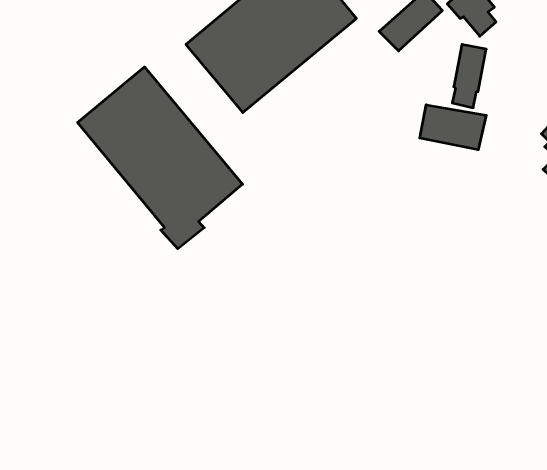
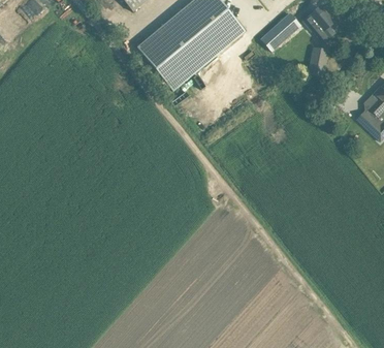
building: [78,67,243,249] -> none
building: [420,105,486,150] -> none

